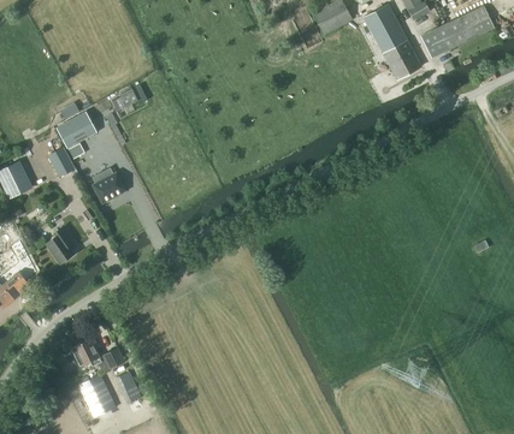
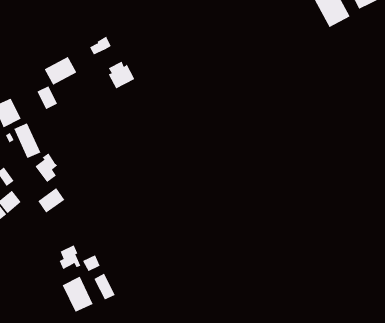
building: [93,170,125,203] -> [108,61,135,89]
building: none -> [13,123,41,159]
building: none -> [37,187,65,214]

